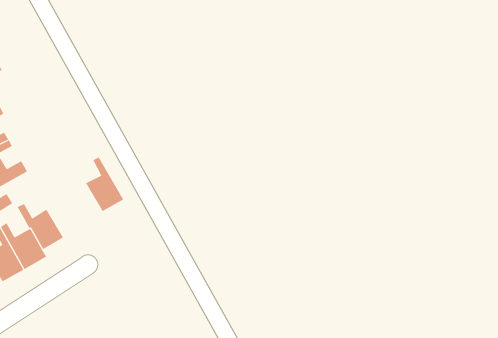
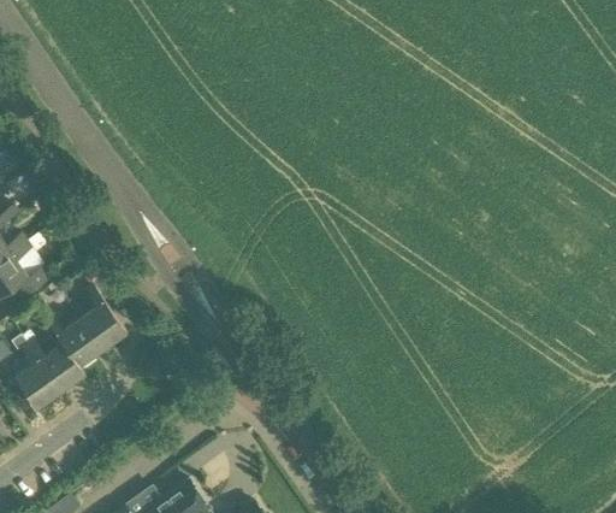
building: [85,157,124,212] -> [78,287,125,350]

